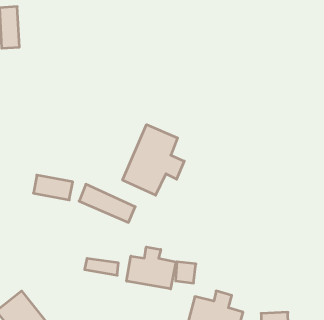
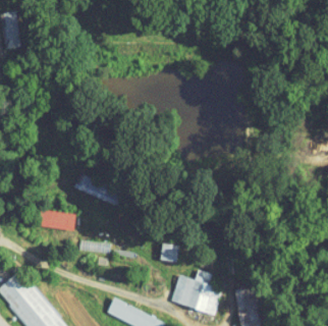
building: [123,125,184,195] -> none
building: [33,175,73,200] -> [41,210,76,232]
building: [127,247,176,289] -> none

